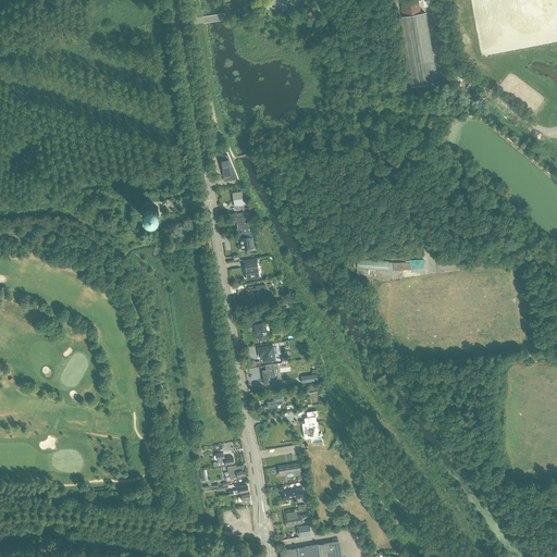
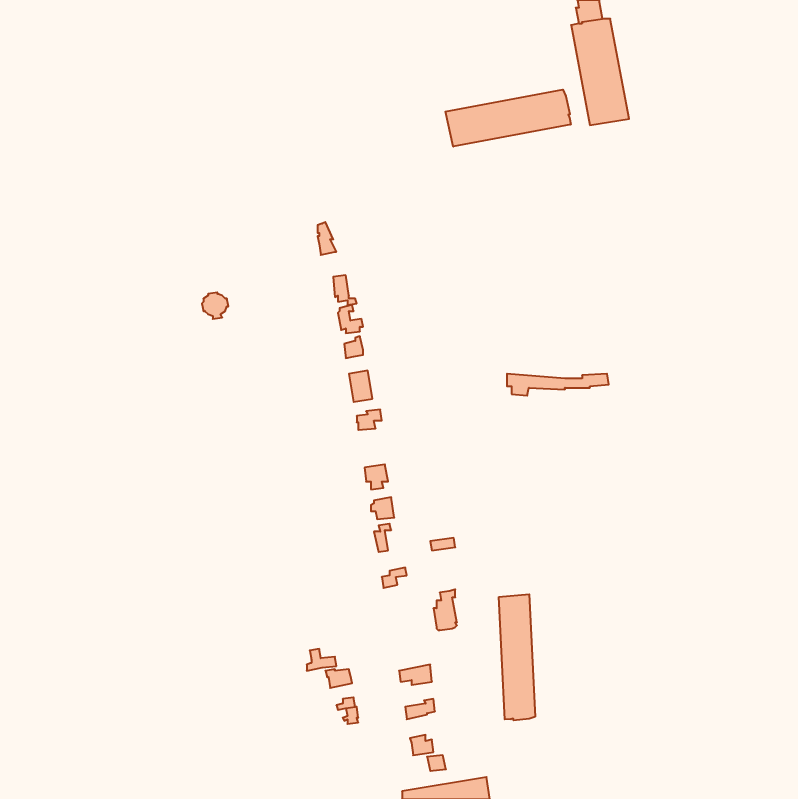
building: none -> [445,90,571,147]
building: none -> [499,594,535,720]

